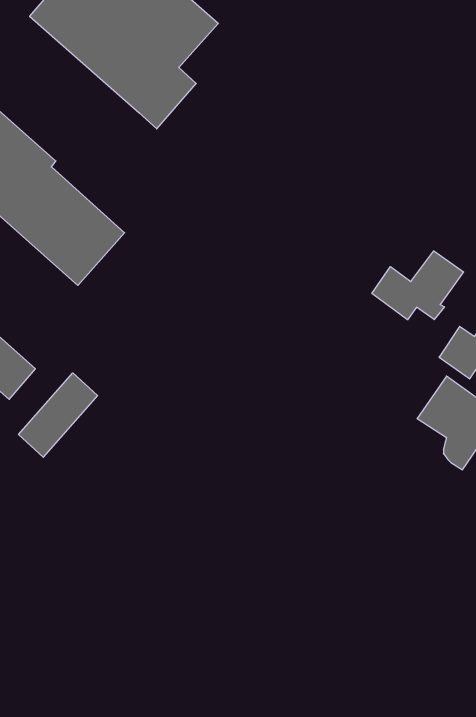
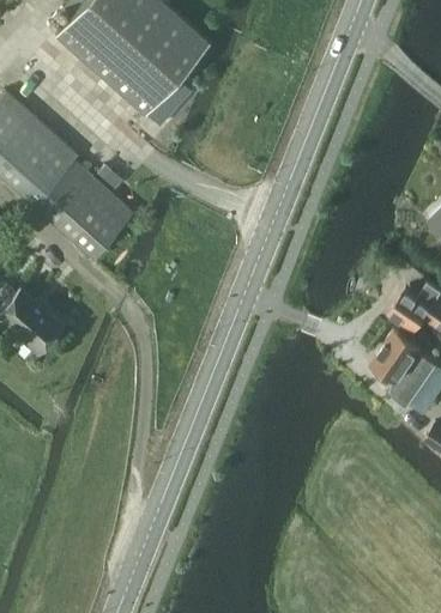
building: [372,251,464,320] -> none
building: [19,373,98,457] -> none

